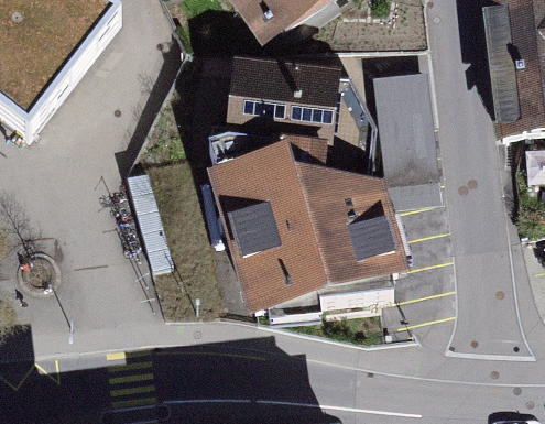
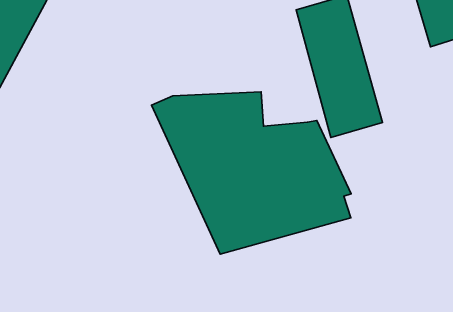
building: [228,67,367,189] -> none

